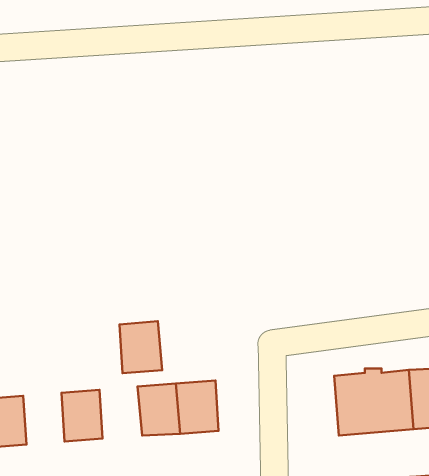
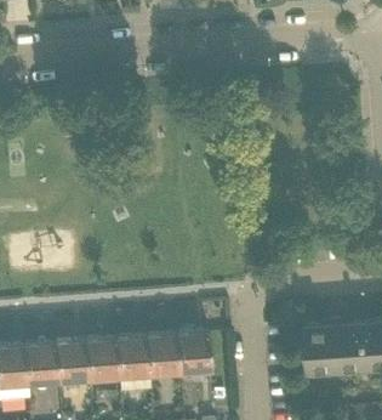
building: [120,321,162,373] -> [115,335,149,376]
building: none -> [55,340,87,381]

